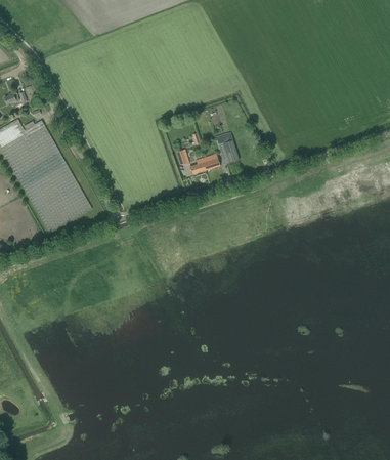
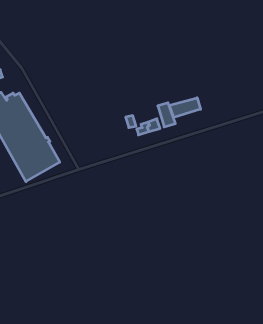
building: none -> [170,98,201,118]

